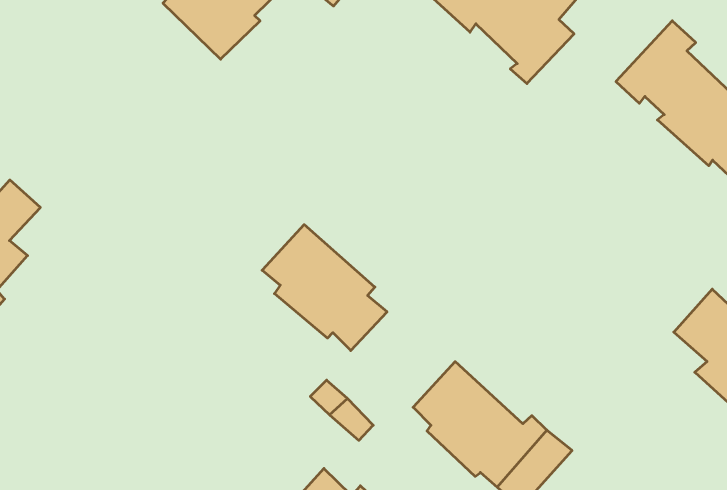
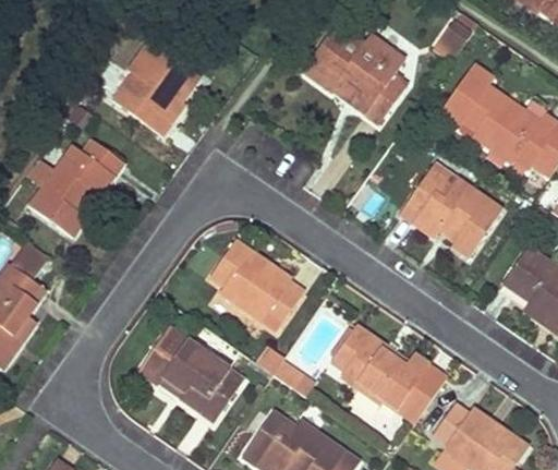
building: none -> [31,141,123,237]
building: none -> [401,169,500,255]
building: none -> [138,327,243,422]

